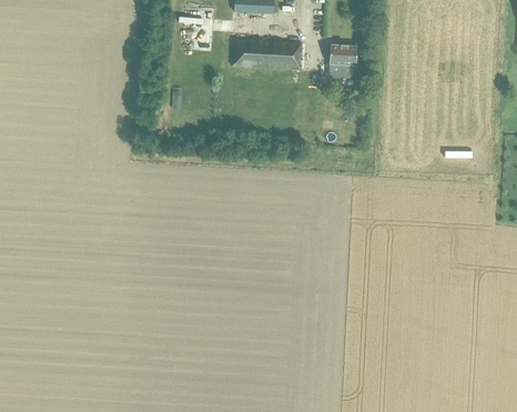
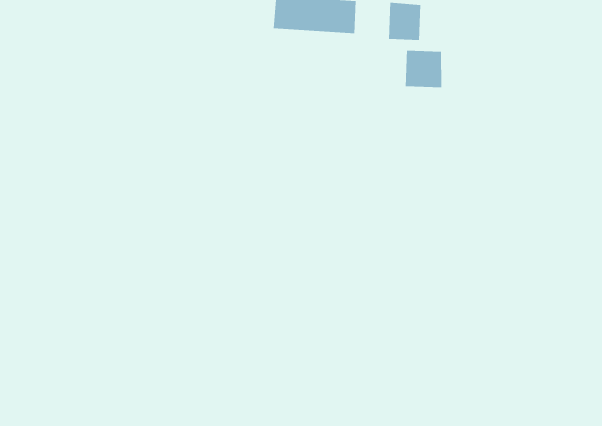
building: none -> [405,50,442,88]

